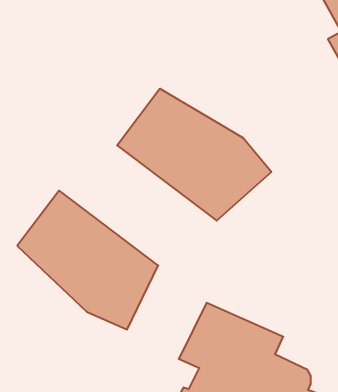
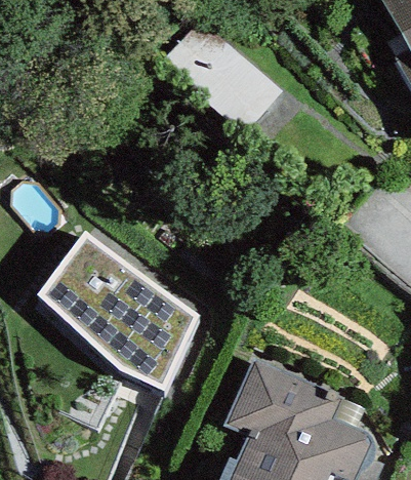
building: [117,89,271,221] -> none

